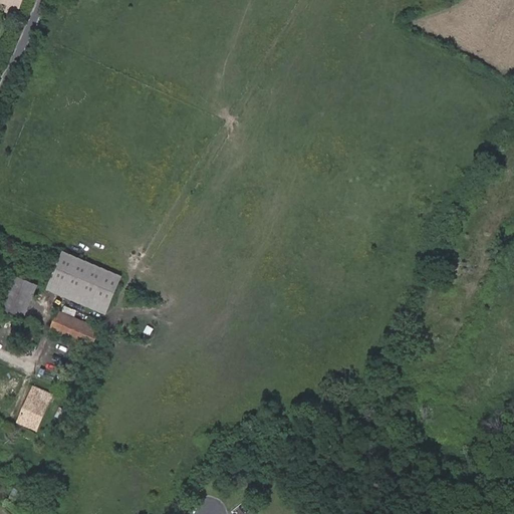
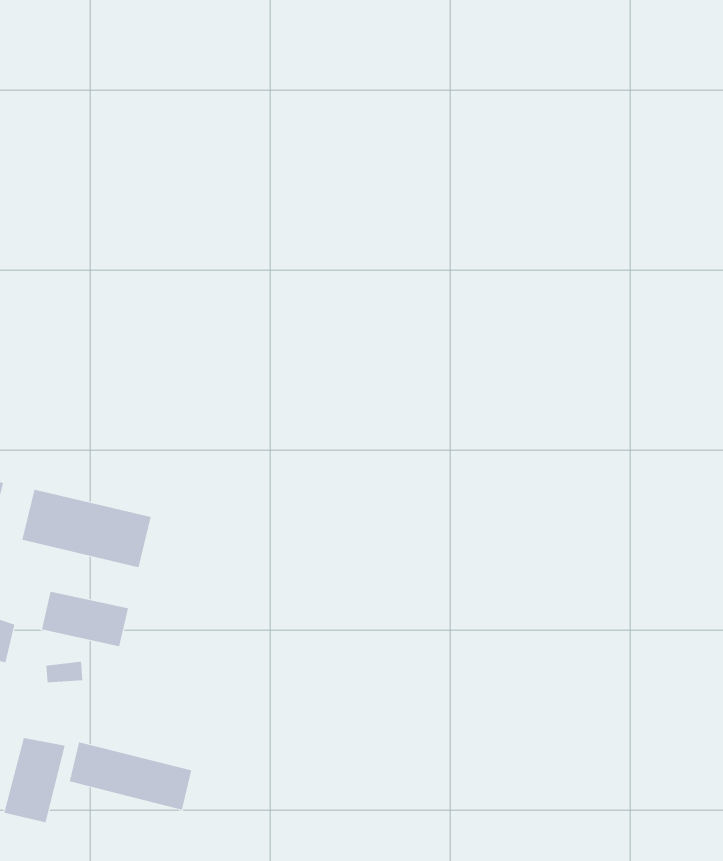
building: none -> [69,742,192,810]

